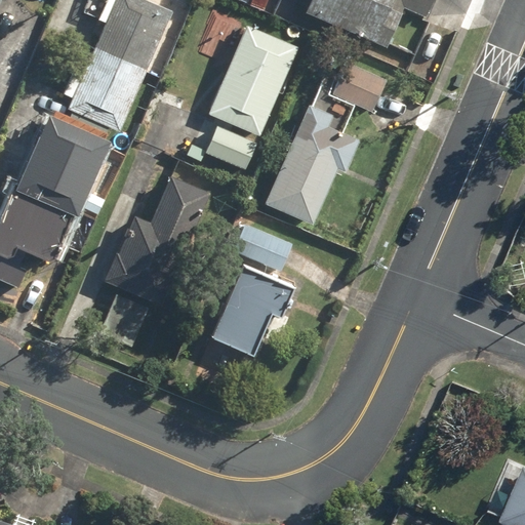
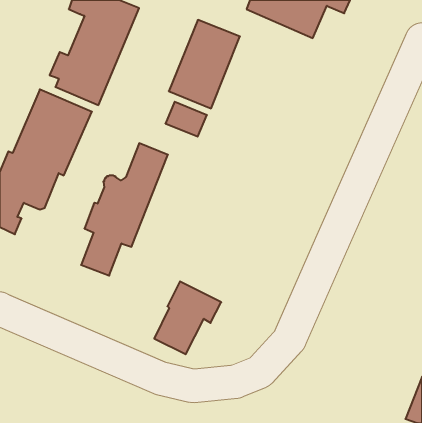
building: [331,62,387,112] -> none
building: [265,103,360,224] -> none
building: [223,217,294,273] -> none
building: [212,265,295,355] -> [154,281,221,354]

